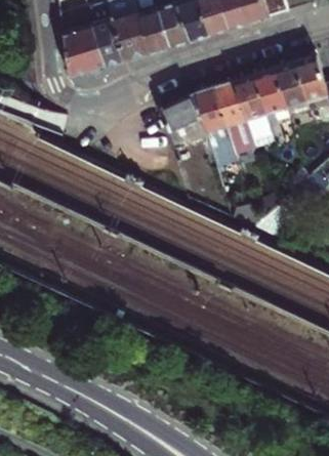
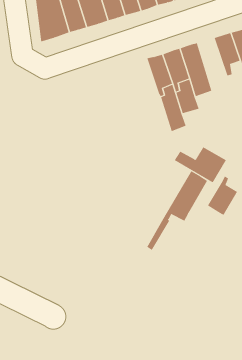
building: [258,69,296,132] -> none
building: [161,93,211,150] -> none
building: none -> [147,171,208,251]
building: none -> [207,176,238,216]

